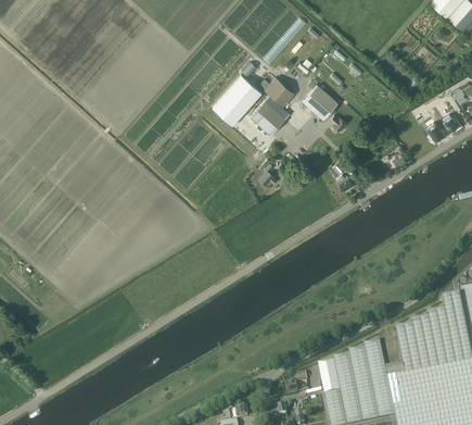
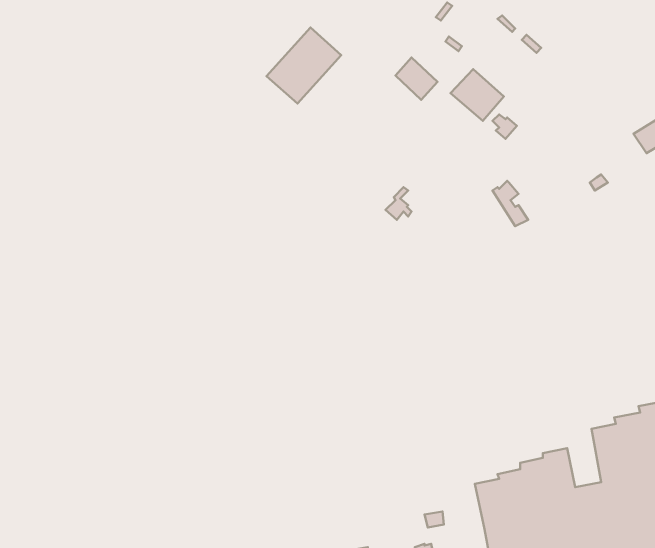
building: [212,74,261,125] -> [267,27,341,104]
building: [250,95,290,135] -> none

